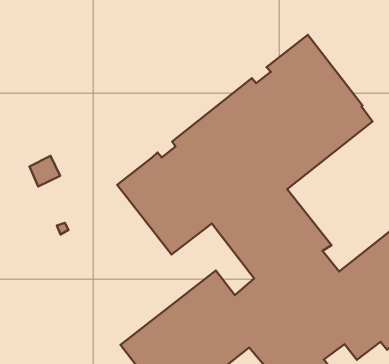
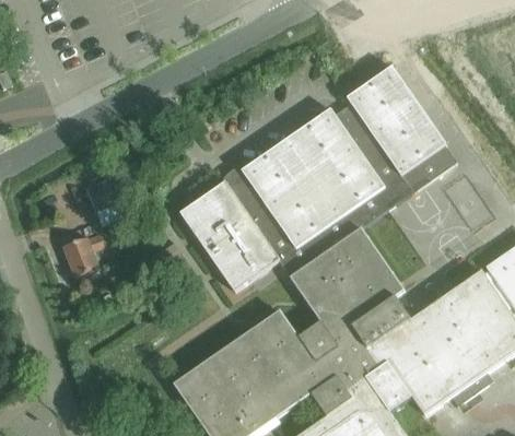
building: none -> [63,234,104,278]

